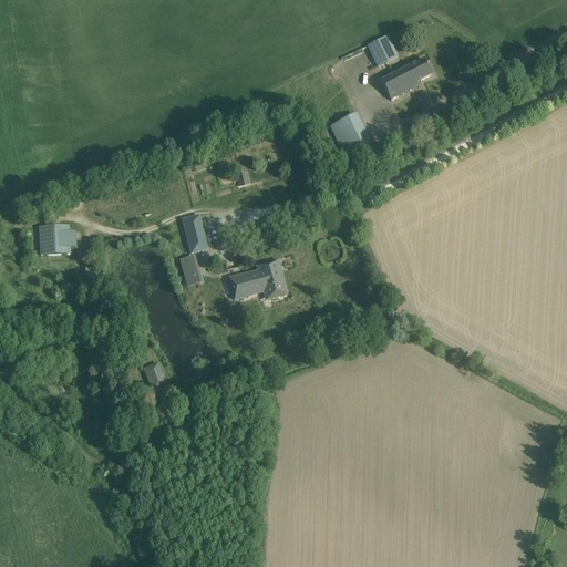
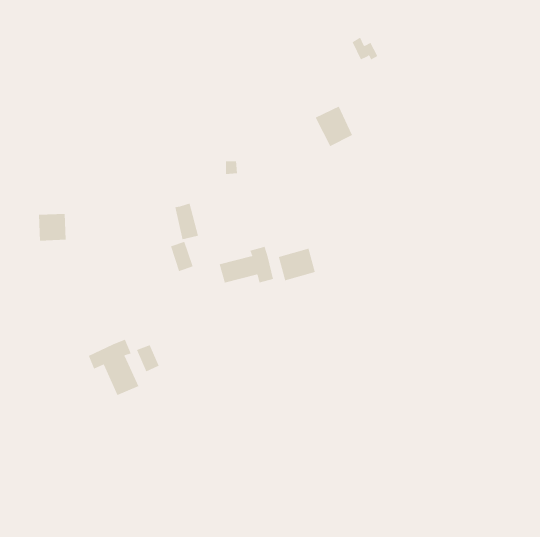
building: [381,56,431,96] -> none
building: none -> [278,248,316,281]
building: none -> [88,339,139,396]

